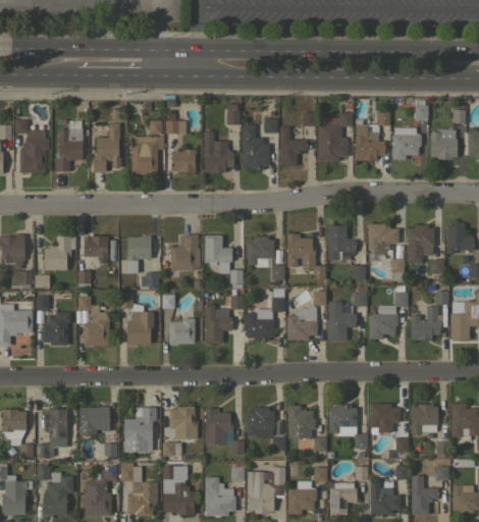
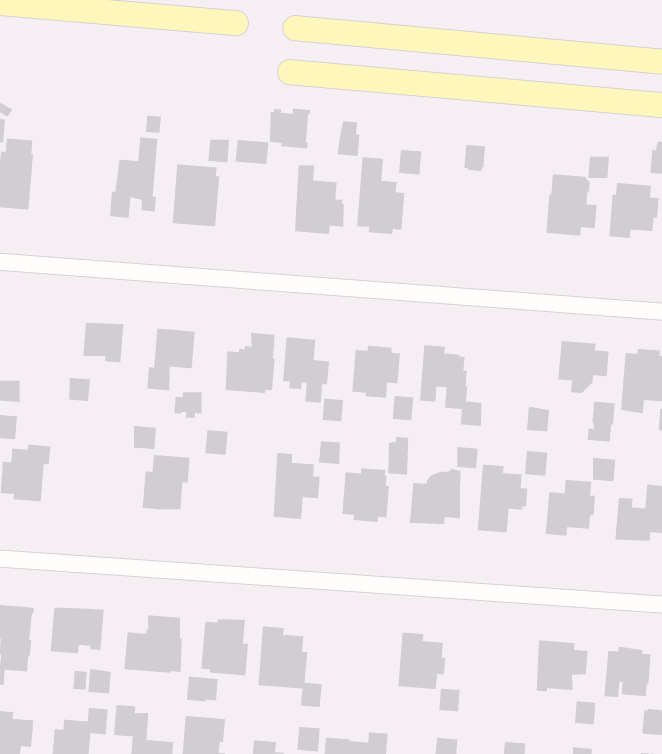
building: [317,113,353,161] -> none
building: [55,121,83,171] -> none
building: [279,126,307,166] -> none
building: [171,149,196,172] -> [269,108,311,149]
building: [328,225,356,260] -> none
building: [44,237,75,270] -> none
building: [78,291,109,346] -> none
building: [169,318,195,344] -> none
building: [329,405,368,449] -> none
building: [248,408,285,456] -> none

